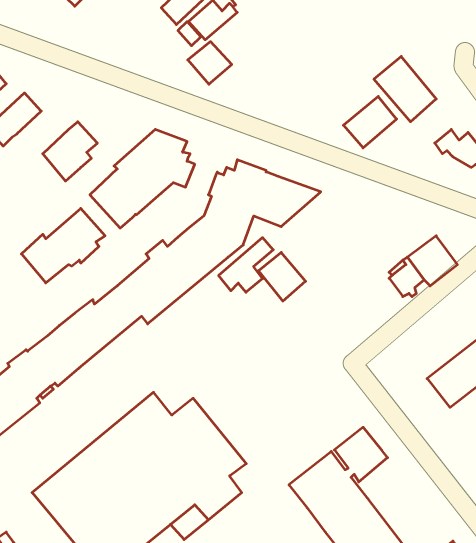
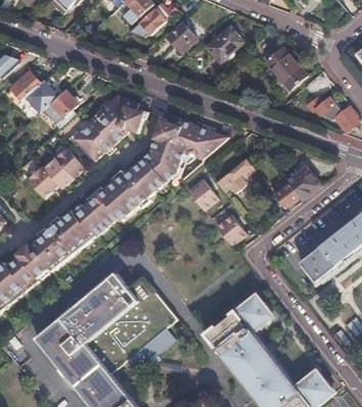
building: [188,42,232,84] -> [167,22,196,51]
building: [343,96,397,148] -> [208,27,243,61]
building: none -> [24,78,58,114]
building: [219,238,273,292] -> [215,156,252,193]
building: none -> [215,213,245,244]

